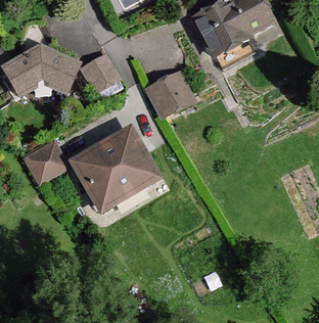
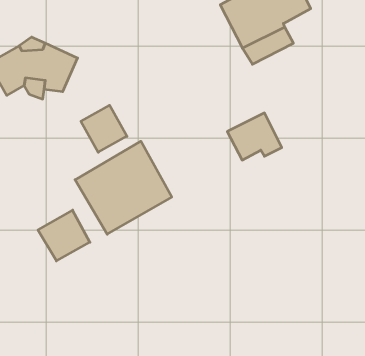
building: [82,53,120,92] -> [81,105,127,152]
building: [148,74,193,112] -> [227,113,282,160]
building: [25,140,67,182] -> [38,210,90,261]

